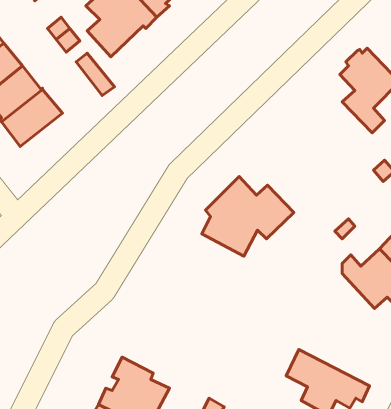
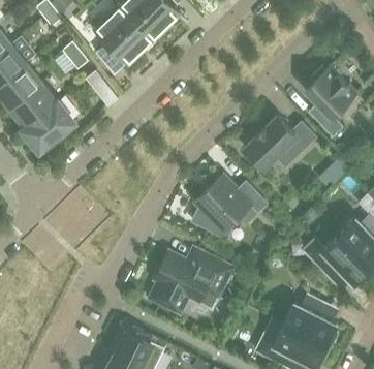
building: none -> [244,116,314,167]
building: none -> [149,248,231,313]
building: none -> [271,294,336,347]

